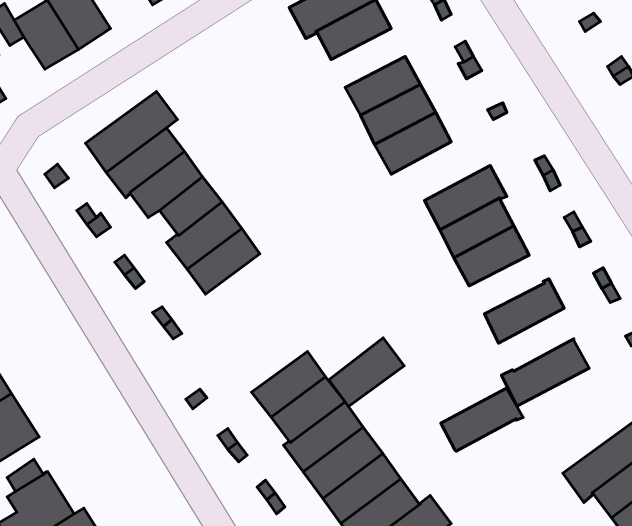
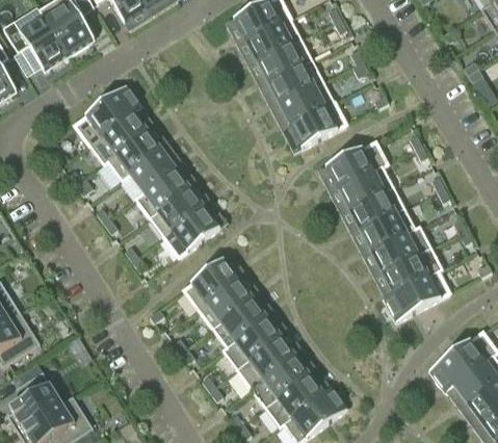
building: none -> [257,40,312,83]
building: none -> [163,207,218,257]
building: none -> [360,208,416,252]
building: [329,338,404,406] -> [183,259,239,310]
building: [441,388,523,451] -> [382,247,443,294]

